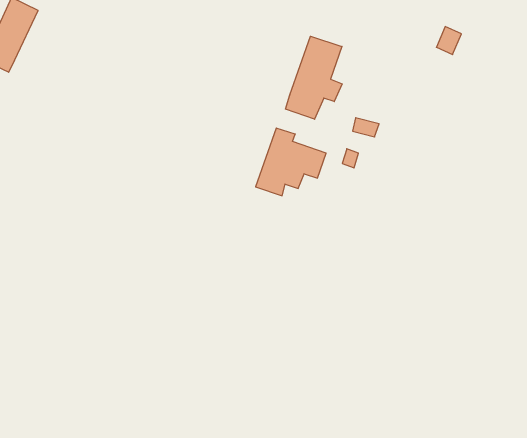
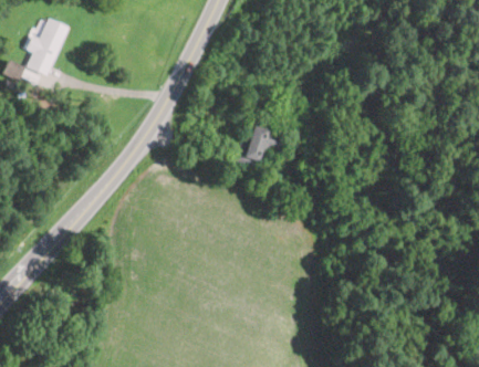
building: [285,36,342,119] -> none

